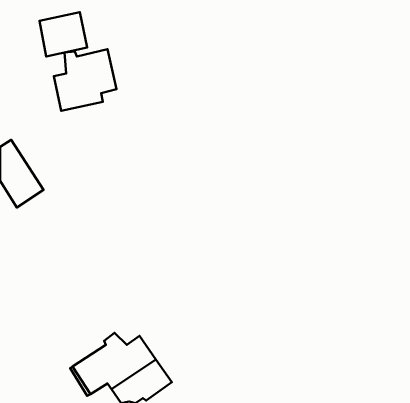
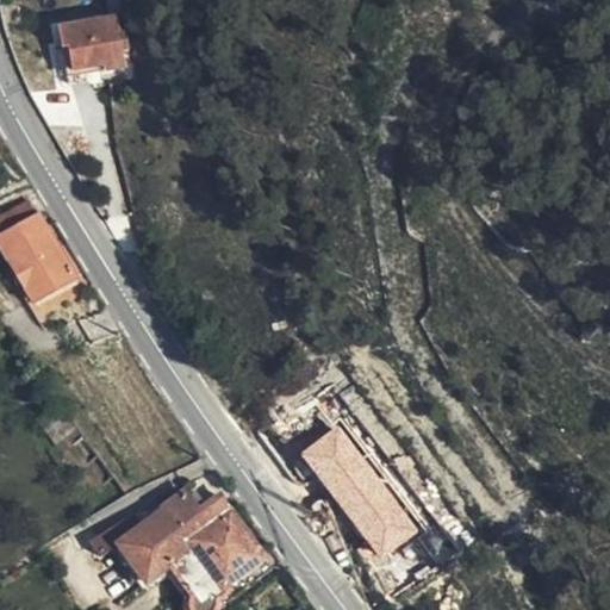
building: [54,49,116,111] -> none
building: none -> [303,409,423,546]

